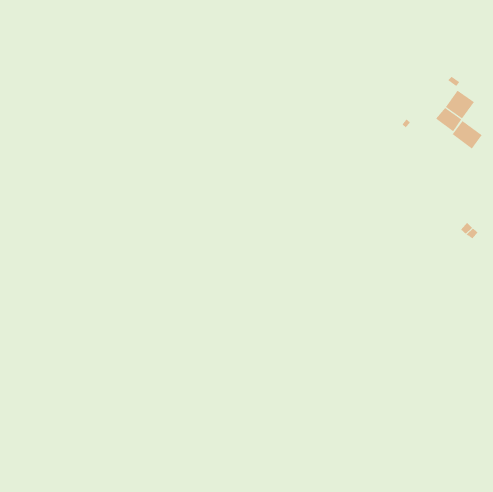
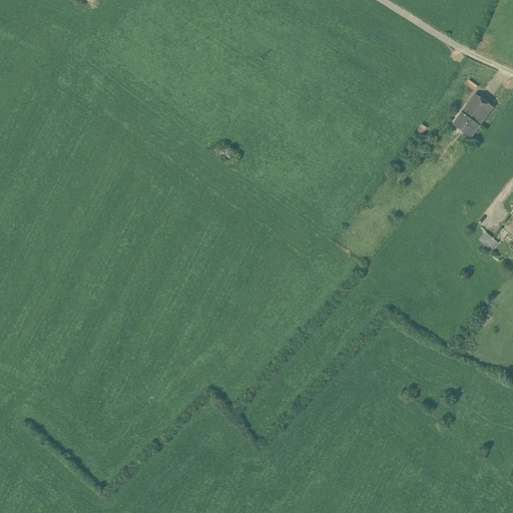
building: [452,120,482,149] -> none

